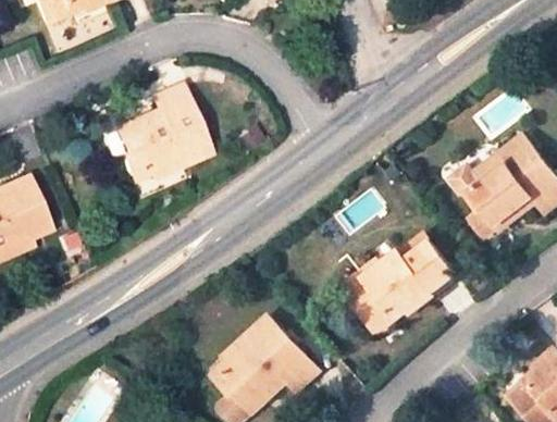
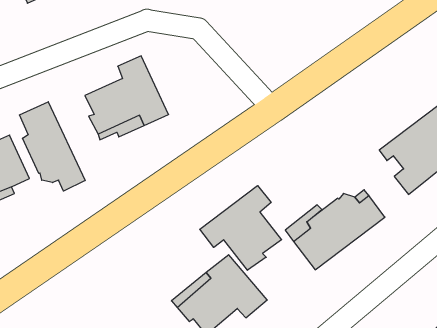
building: none -> [19,102,85,191]
building: none -> [200,186,282,270]

